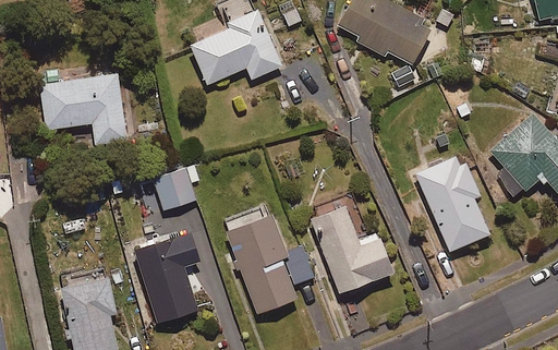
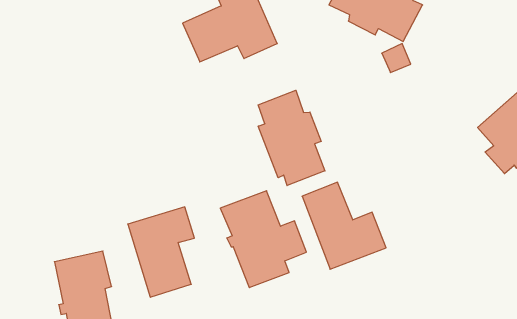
building: [37,72,126,145] -> none
building: none -> [258,90,325,186]
building: [413,153,490,252] -> none
building: [151,167,196,212] -> none

